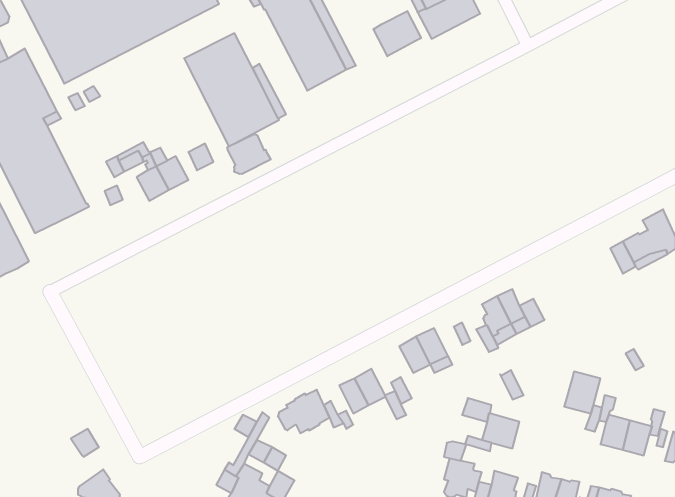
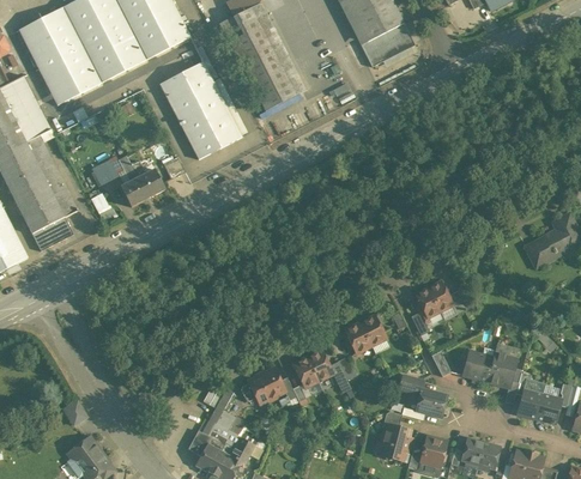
building: [373,11,421,56] -> none
building: [227,134,271,174] -> none
building: none -> [31,218,72,251]
building: none -> [462,347,492,382]

